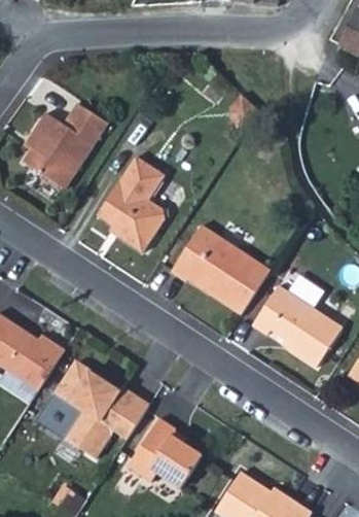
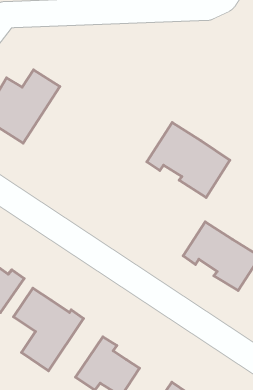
building: [97,156,164,252] -> none
building: [171,225,268,313] -> [147,122,230,198]

